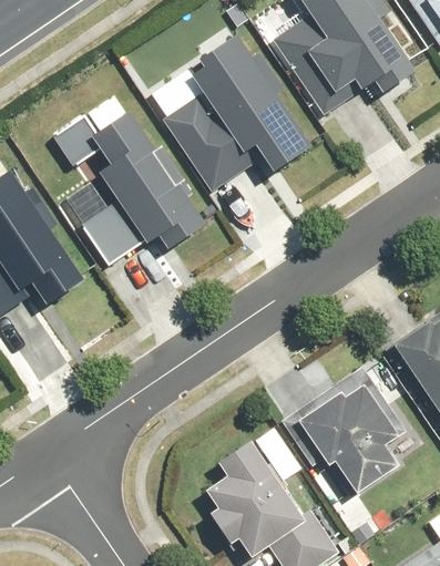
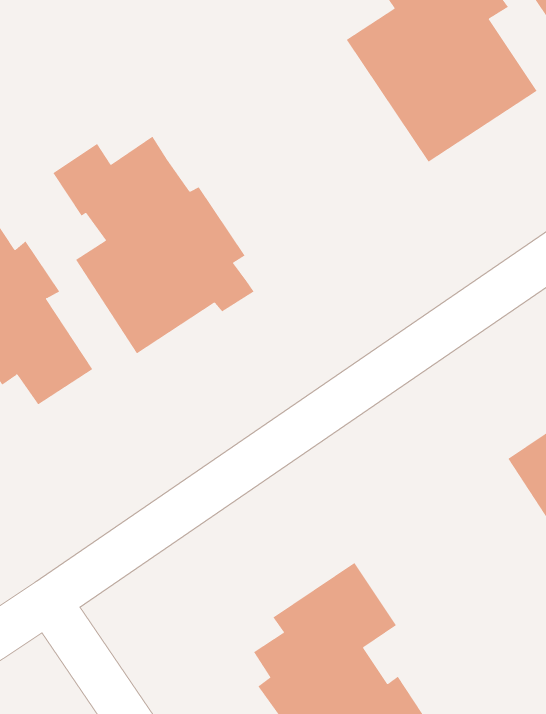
building: [146,29,306,202] -> none
building: [294,373,406,498] -> none

